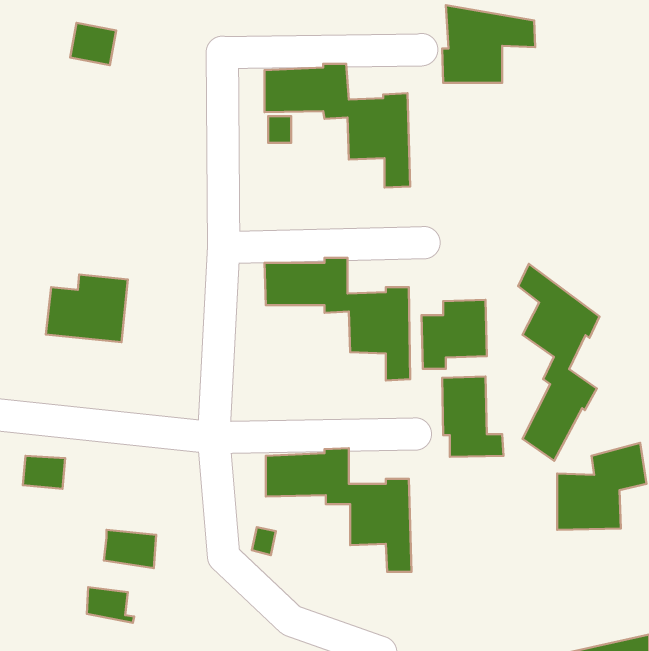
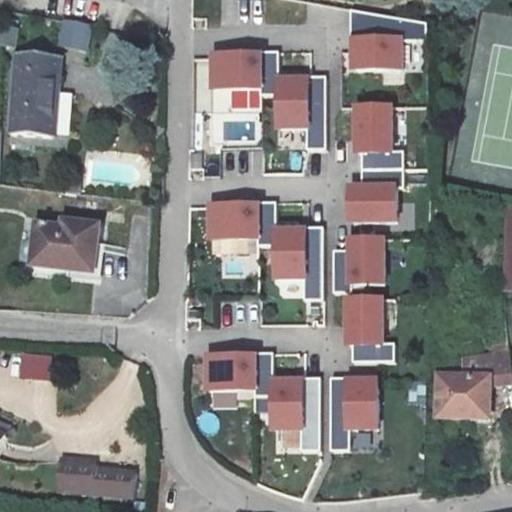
building: none -> [15,52,71,138]
building: none -> [347,104,399,218]
building: [518,264,600,461] -> none
building: none -> [331,375,378,448]
building: [104,530,156,568] -> [98,459,139,489]

